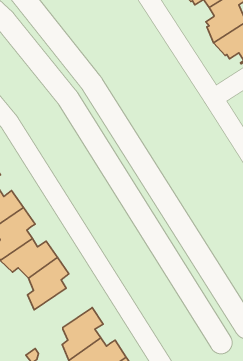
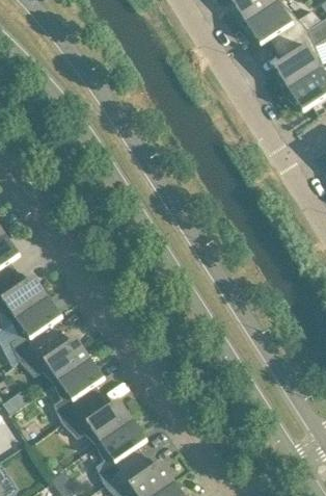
building: none -> [62,395,134,444]

